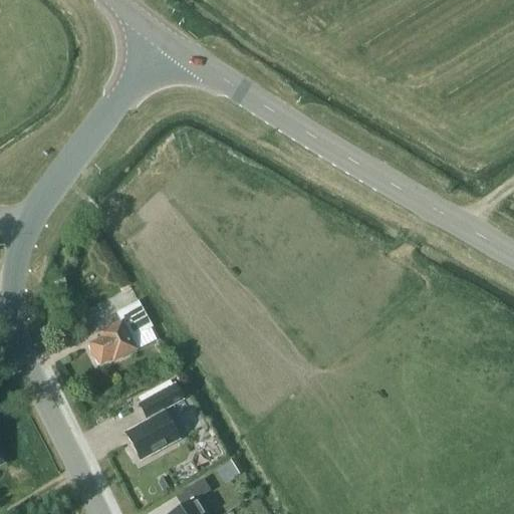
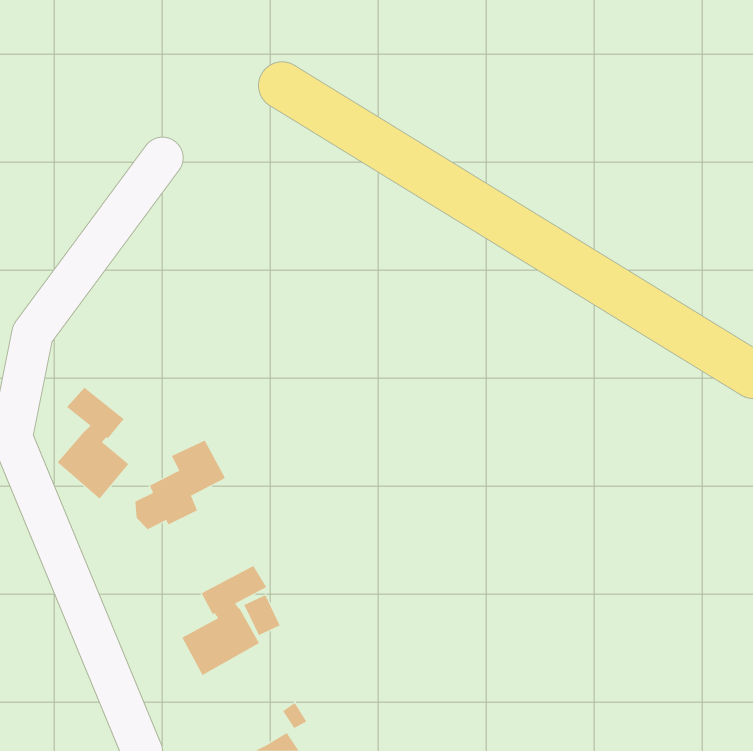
building: none -> [57,387,129,499]

